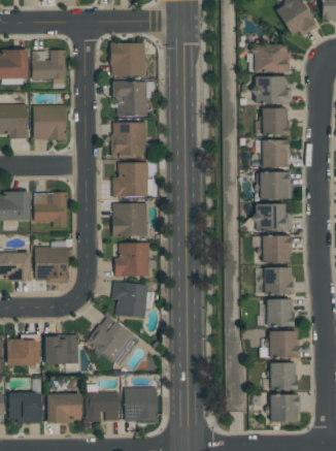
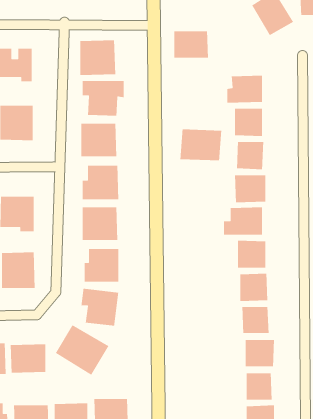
building: [254,45,288,72] -> [173,31,209,58]
building: none -> [179,129,222,161]

